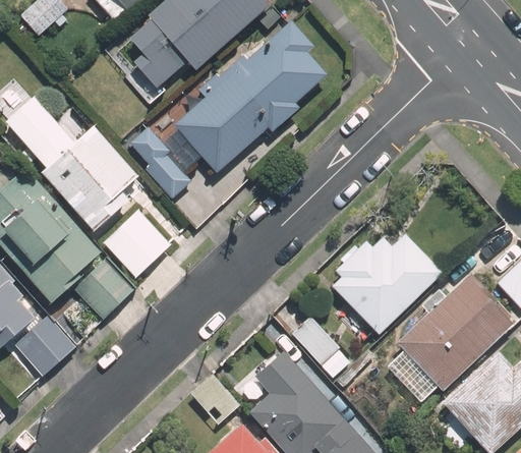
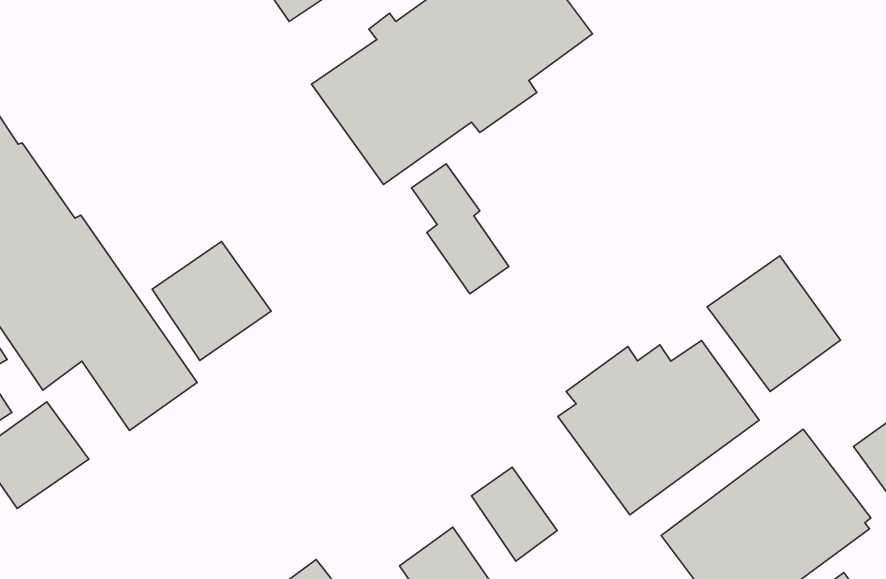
building: [8,96,137,227] -> none
building: [133,128,191,197] -> [412,164,509,294]
building: none -> [707,256,840,392]

